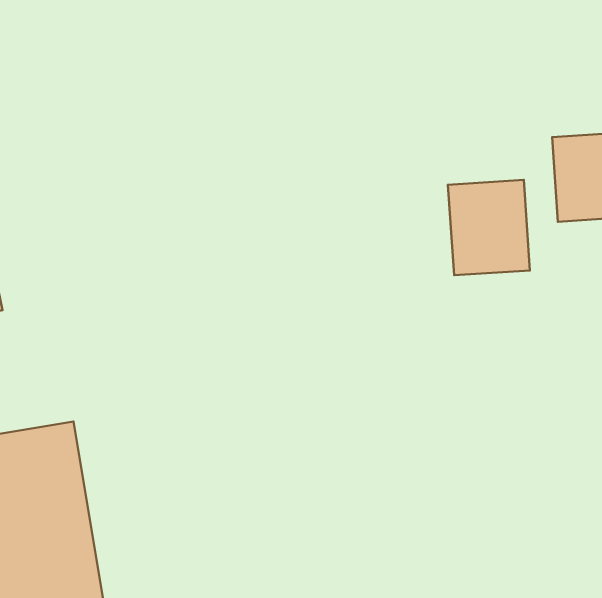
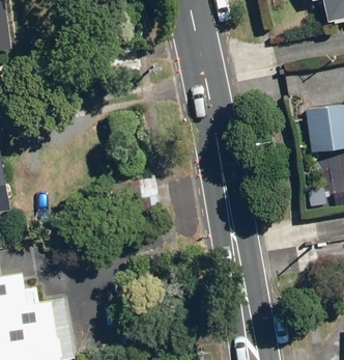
building: [448,180,530,275] -> none

